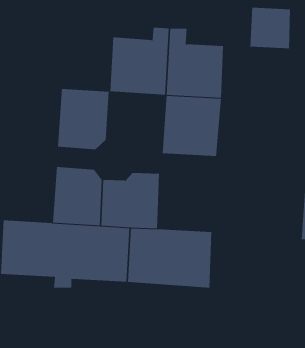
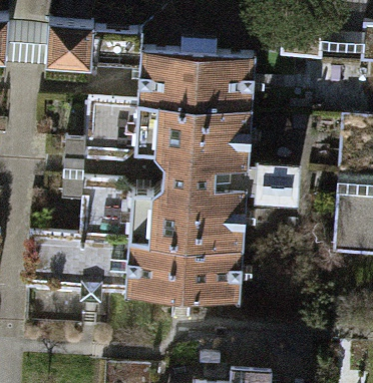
building: none -> [45,21,141,71]
building: none -> [134,104,195,167]
building: none -> [186,187,246,247]

